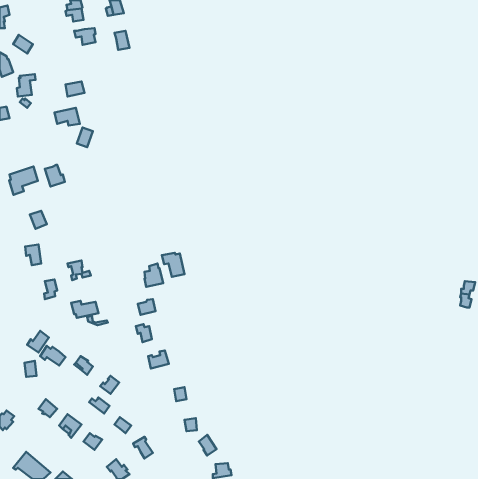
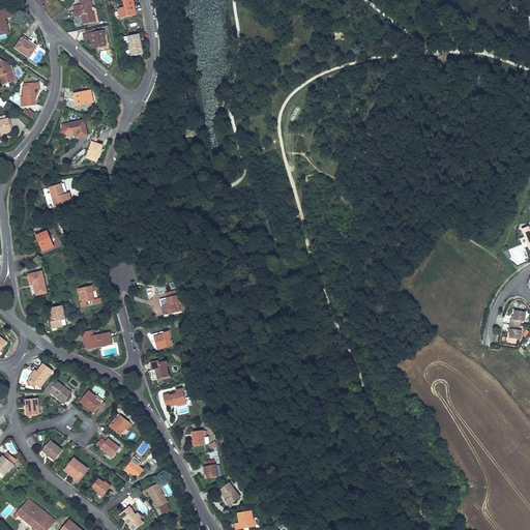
building: [9,167,38,195] -> none
building: [162,253,185,277] -> none

